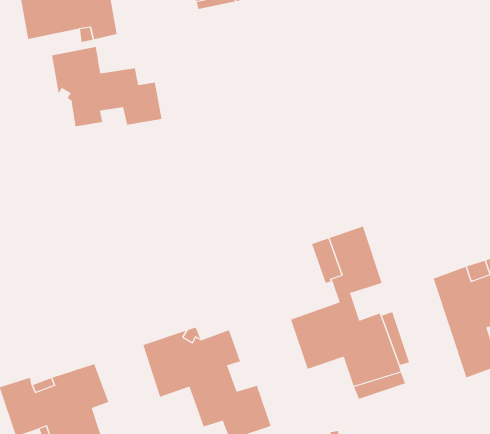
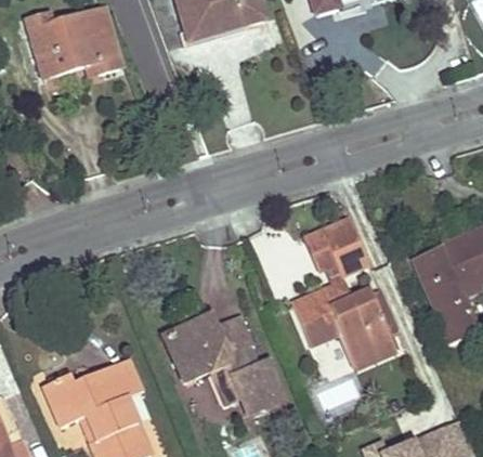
building: [51,46,162,127] -> none

